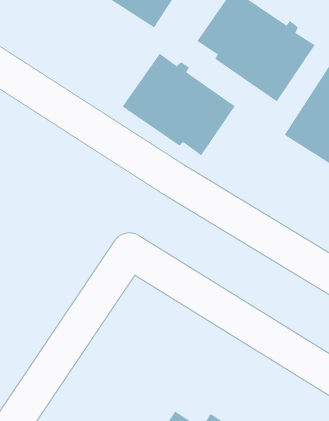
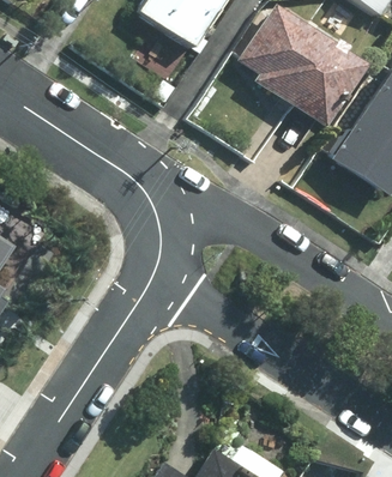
building: [122,53,236,156] -> none

